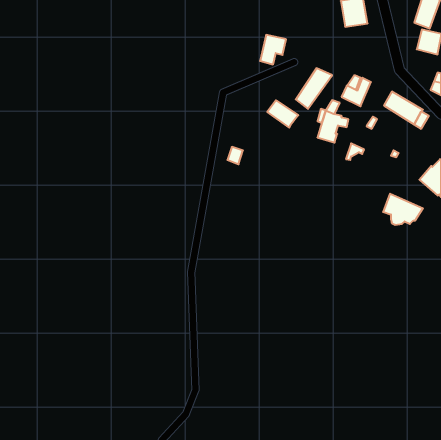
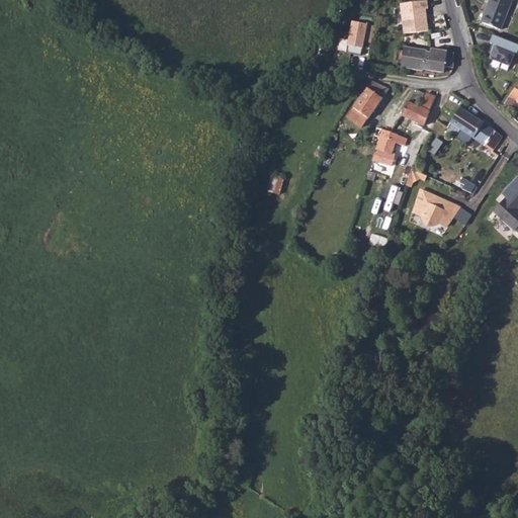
building: [260,35,286,64] -> [345,17,375,52]
building: none -> [399,45,452,71]
building: [267,100,298,128] -> none
building: [383,194,423,225] -> [410,190,456,227]

